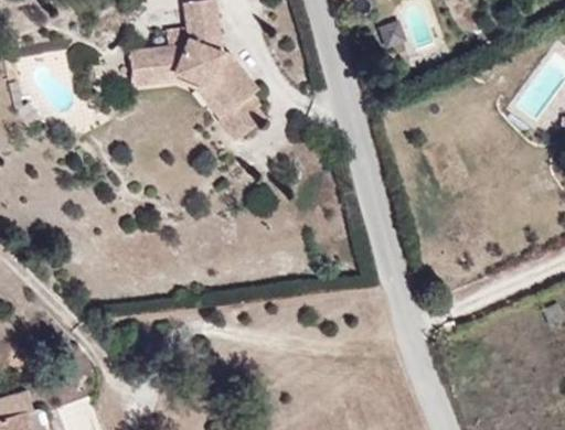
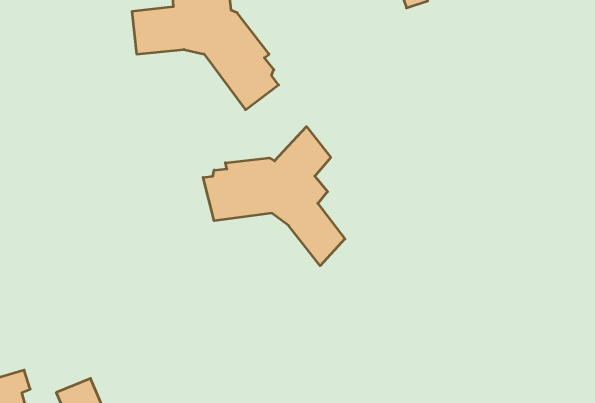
building: none -> [203,127,345,266]

